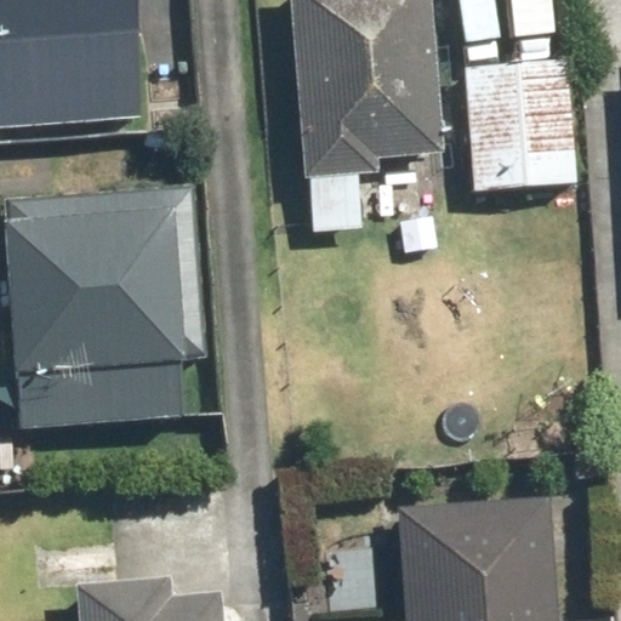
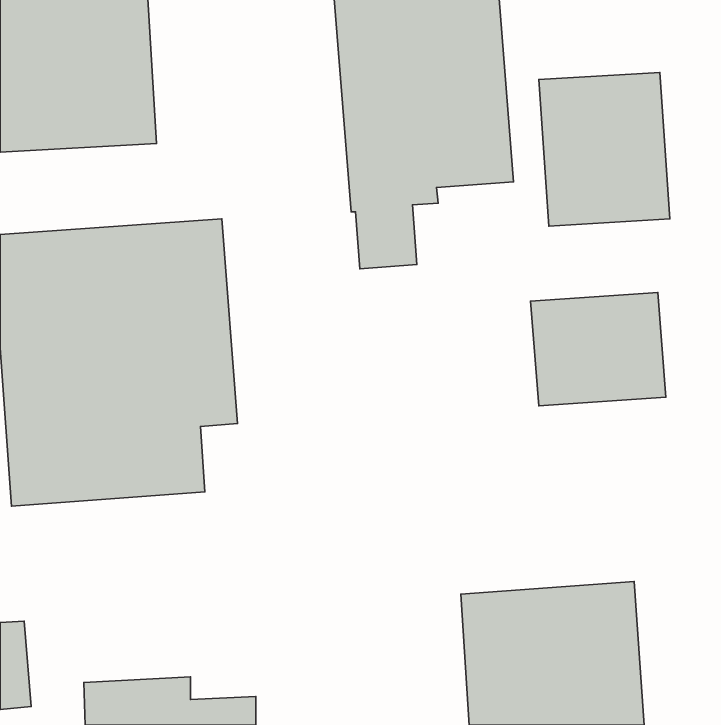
building: none -> [531,292,666,406]

